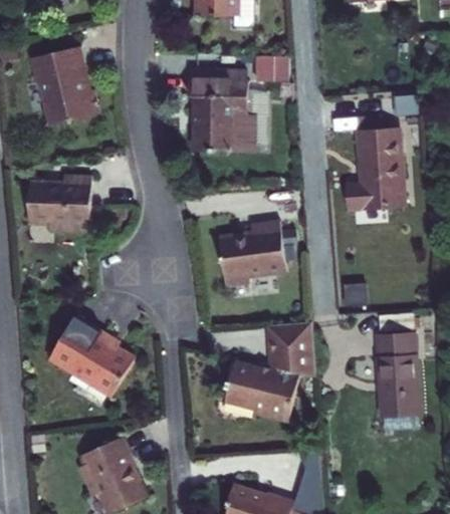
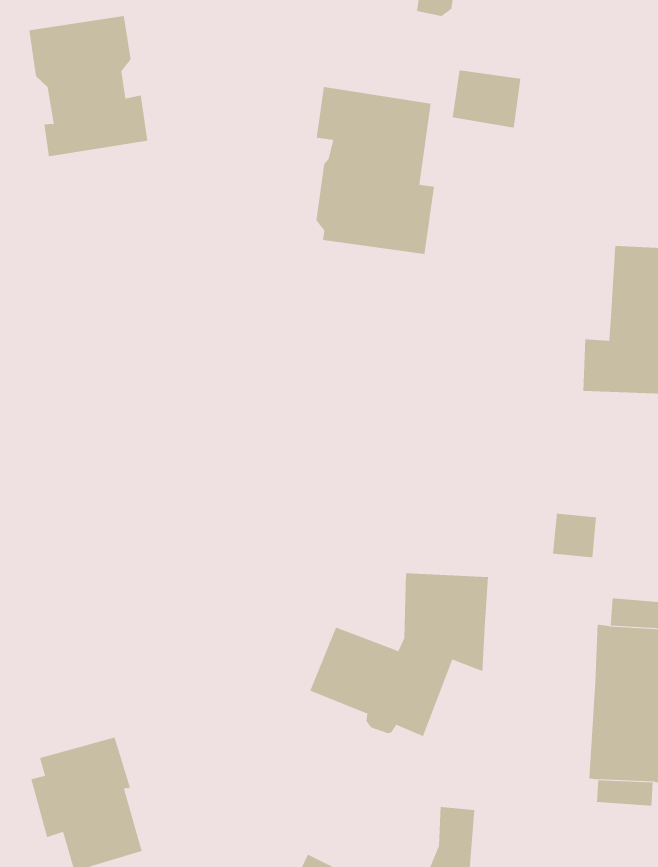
building: [37,174,98,228] -> none
building: [219,226,286,291] -> none
building: [54,317,139,399] -> none

